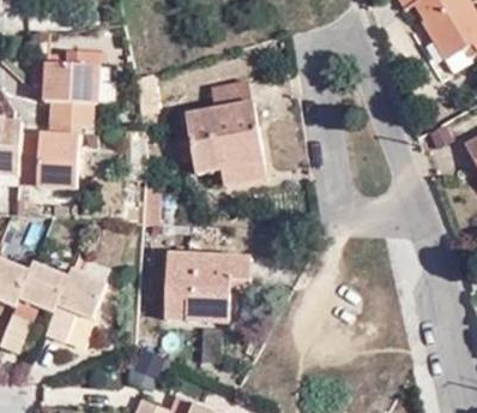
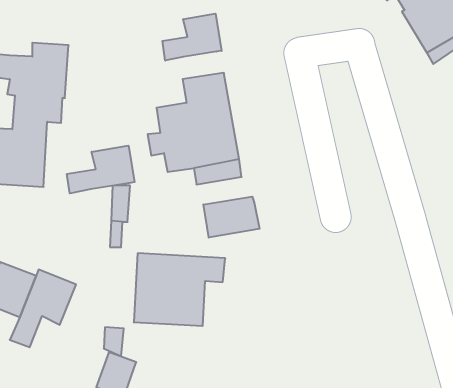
building: none -> [162,14,222,61]
building: none -> [67,146,135,193]
building: none -> [203,197,260,238]

